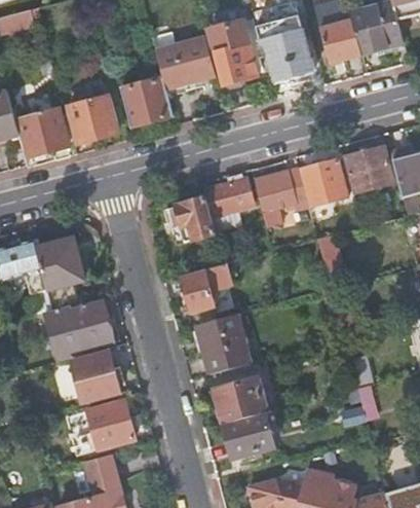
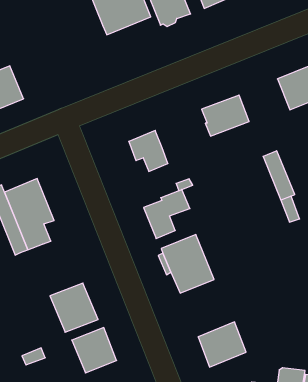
building: [120,78,173,126] -> none
building: [68,96,117,147] -> none
building: [299,160,347,208] -> none
building: [202,178,260,217] -> none
building: [44,301,112,361] -> none
building: [216,377,266,425] -> none

